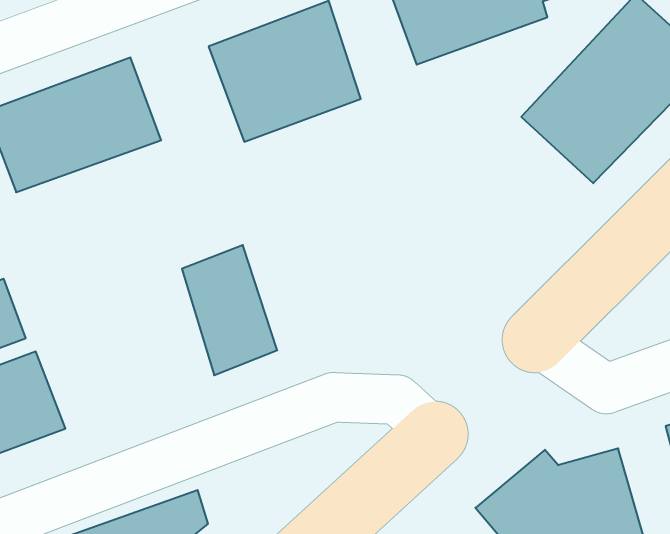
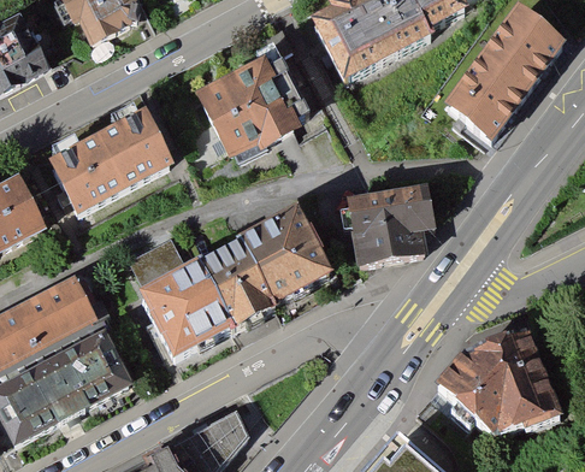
building: none -> [348,183,436,266]
building: none -> [243,203,330,301]
building: none -> [129,234,236,360]

